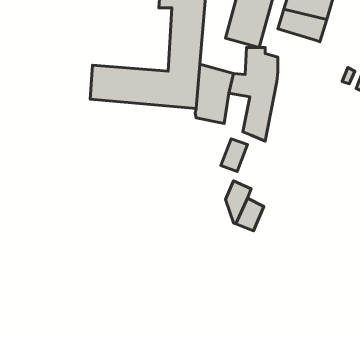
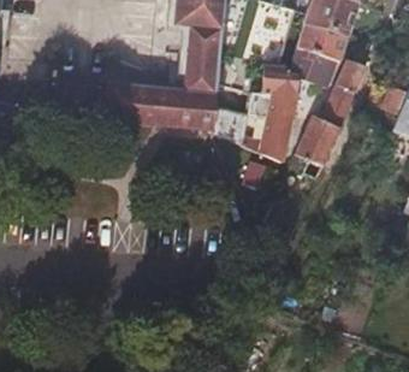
building: none -> [291,47,339,87]
building: none -> [297,59,367,165]

